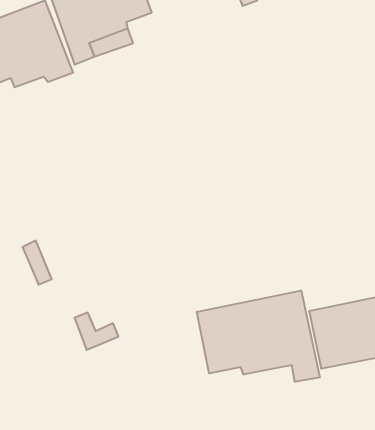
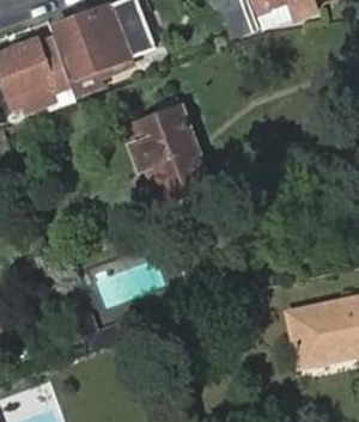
building: none -> [129,104,209,206]
building: [197,290,320,382] -> none

